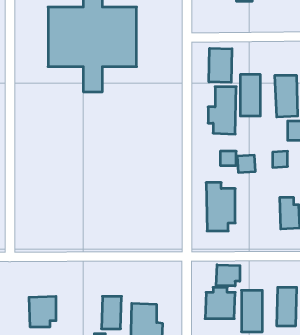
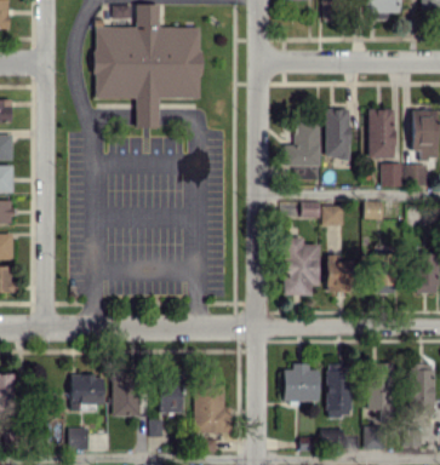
building: [209,48,232,82] -> none
building: none -> [326,254,354,292]
building: [216,265,240,286] -> none
building: none -> [113,372,141,415]

